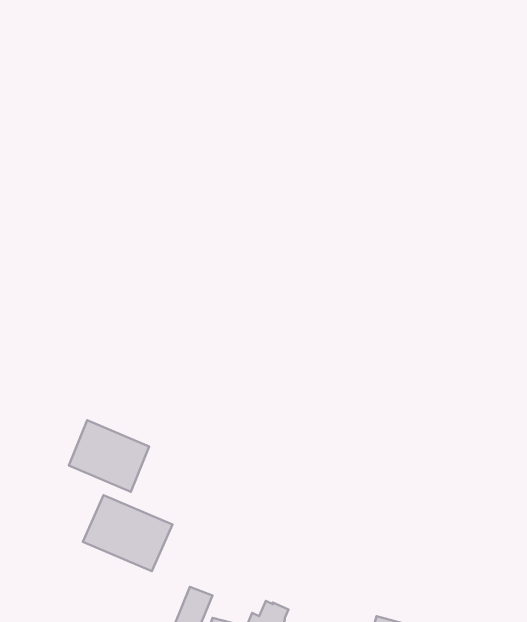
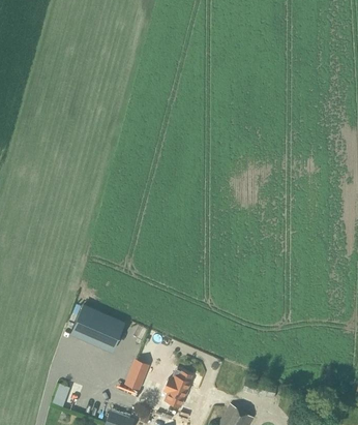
building: [69,420,149,492] -> none

